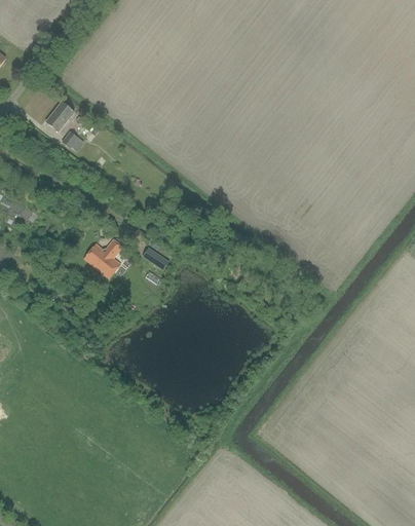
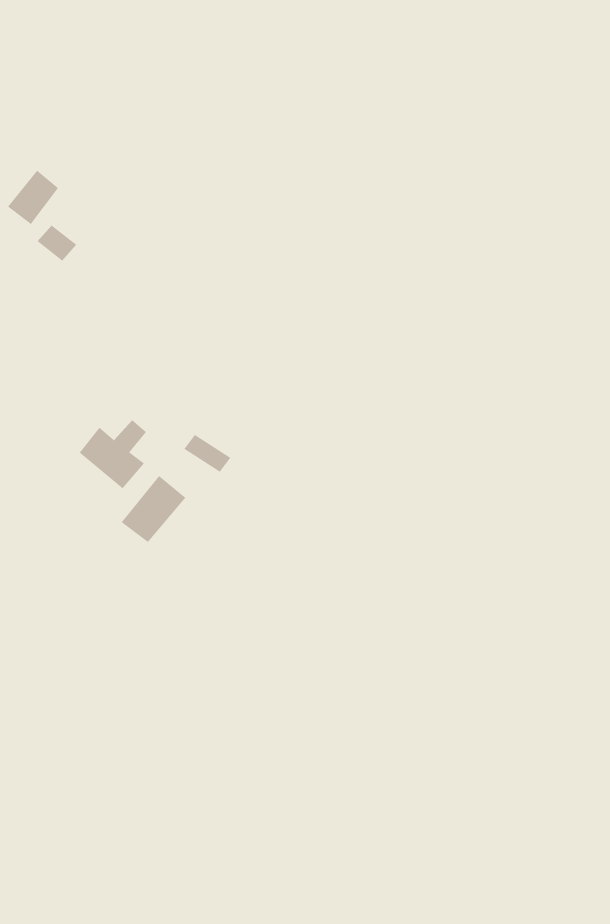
building: none -> [121,475,186,543]

